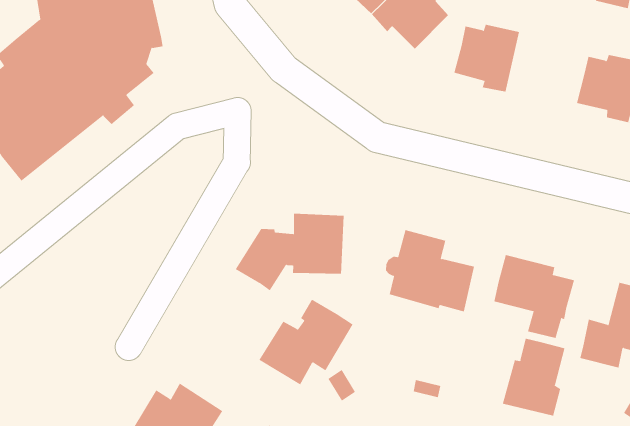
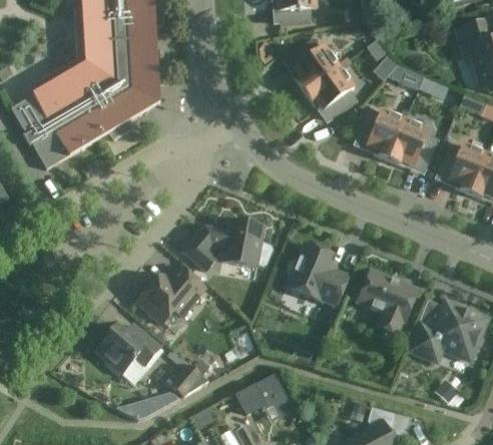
building: none -> [389,119,439,170]
building: [258,299,354,385] -> [136,266,205,324]
building: [502,338,565,417] -> none

